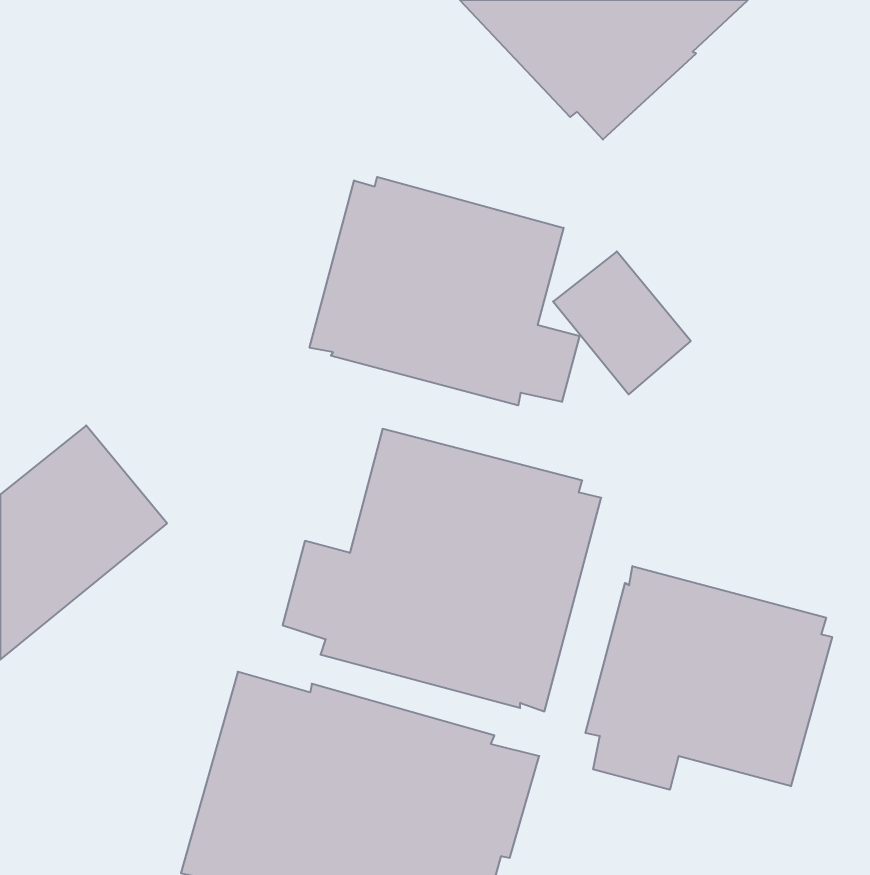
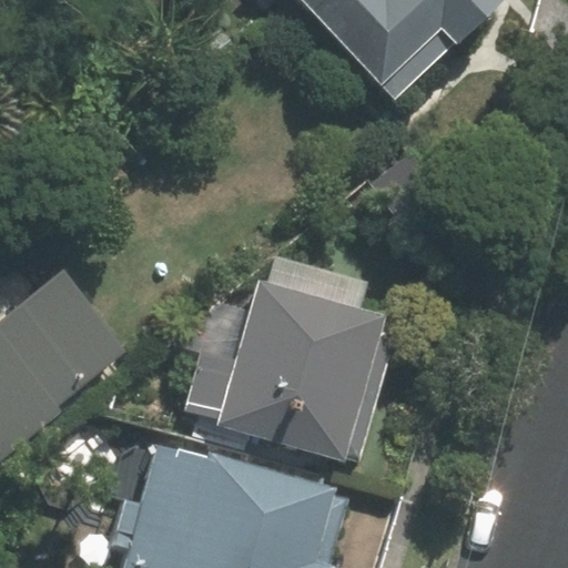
building: [310,177,580,405] -> none
building: [585,566,832,790] -> none

